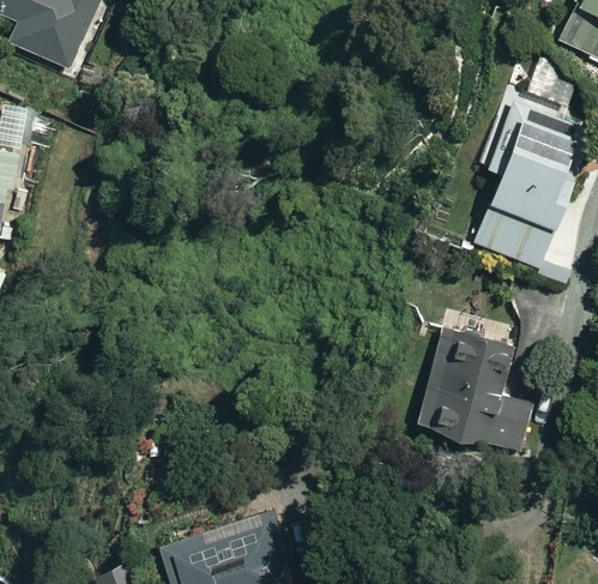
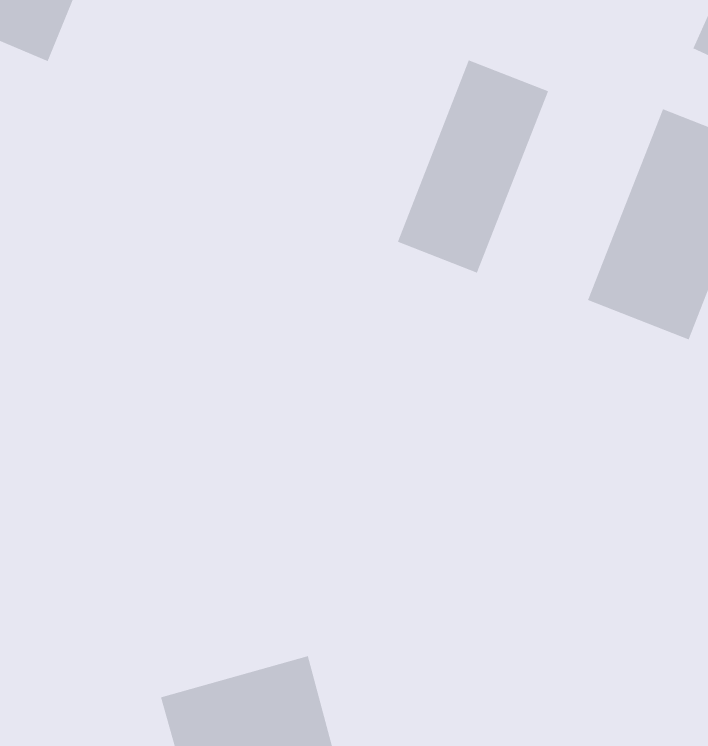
building: none -> [397,60,549,273]
building: [413,309,533,456] -> none

